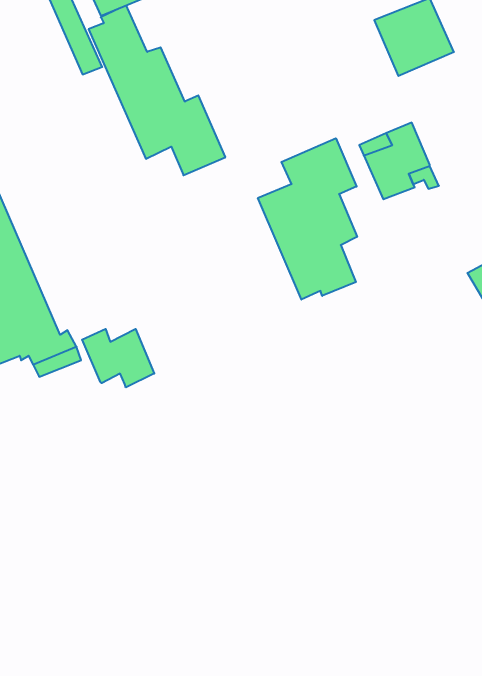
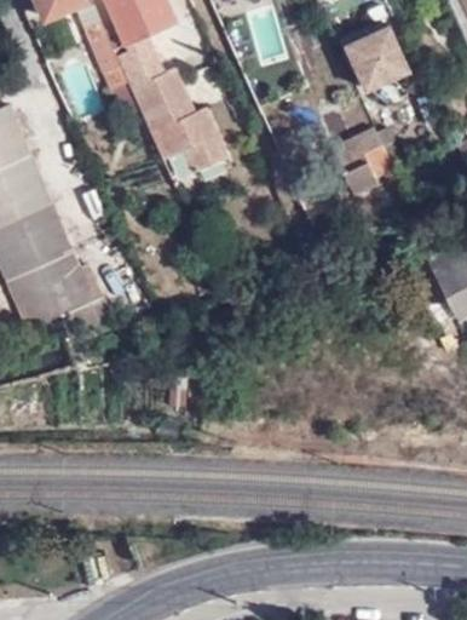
building: [258,138,357,300] -> none
building: [82,329,154,387] -> none

